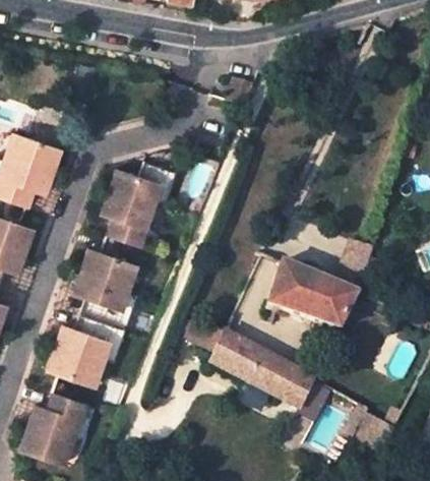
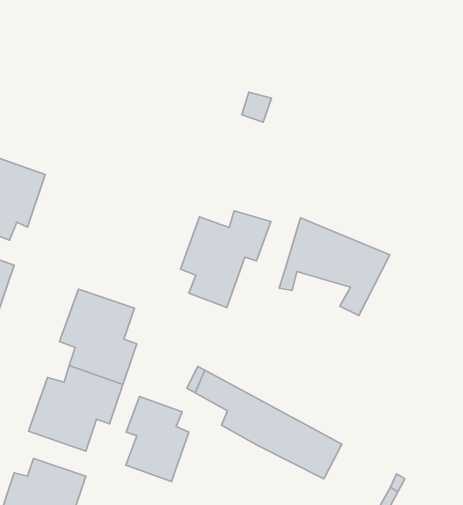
building: [101,163,178,245] -> [180,211,271,307]
building: [263,262,358,346] -> [279,218,390,316]
building: none -> [126,397,189,481]

